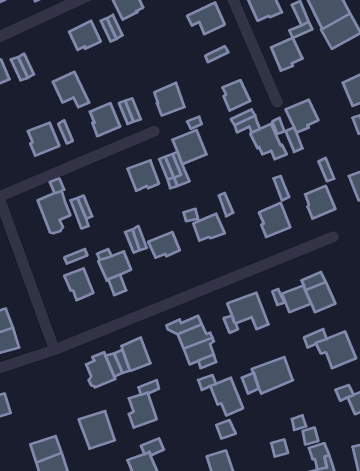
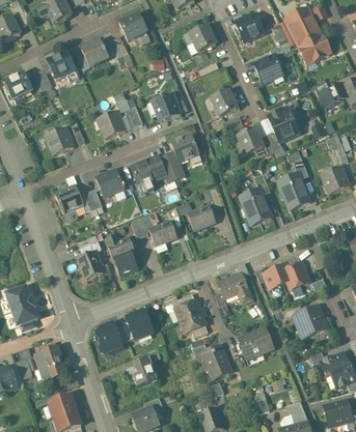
building: [53,72,89,107] -> [48,53,79,83]
building: none -> [95,170,124,198]
building: [79,411,115,449] -> [34,348,65,380]

